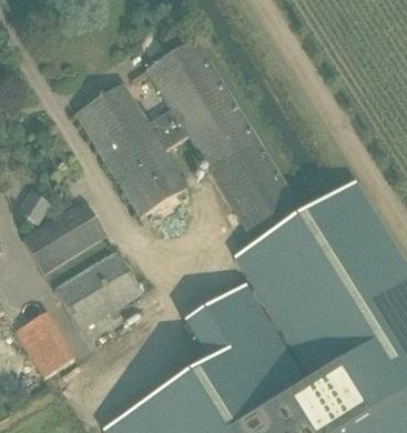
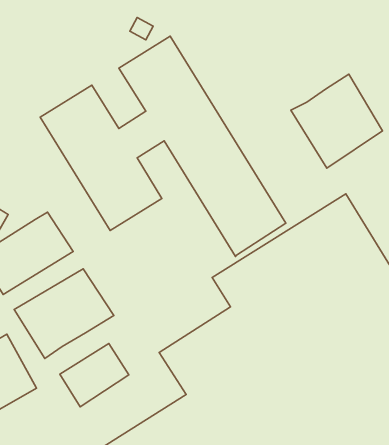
building: none -> [291,74,383,168]
building: none -> [60,344,129,407]

